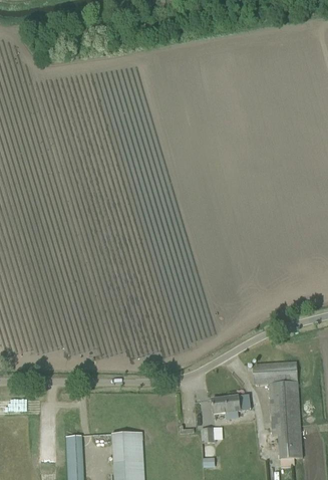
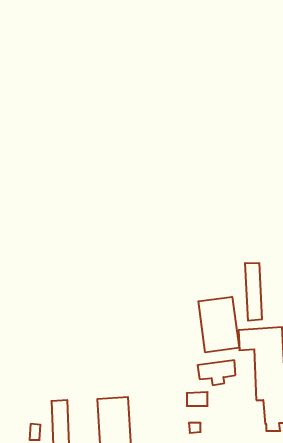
building: none -> [245,263,262,321]
building: none -> [198,297,239,352]

